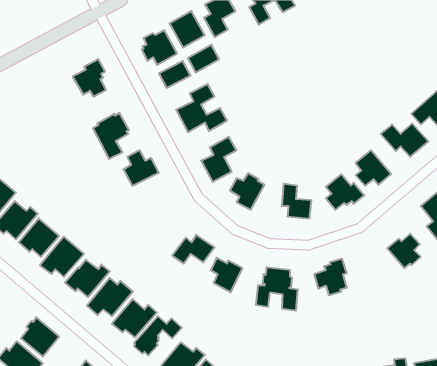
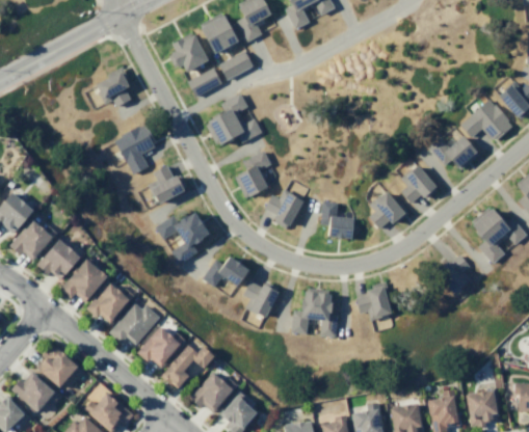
building: none -> [156,211,208,264]

